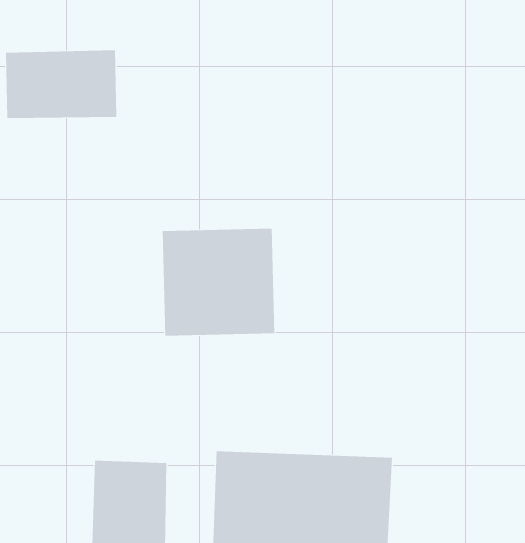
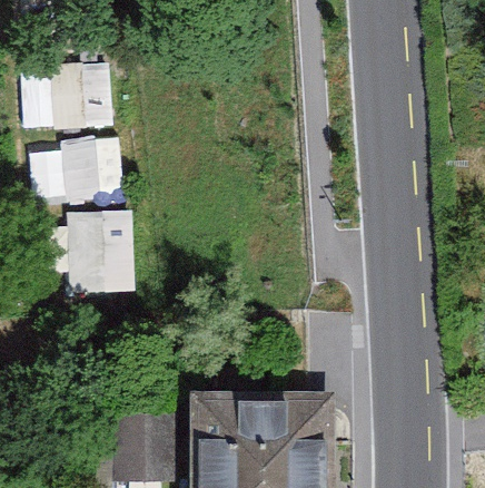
building: none -> [27,139,121,197]
building: [162,228,275,336] -> [39,204,132,293]

